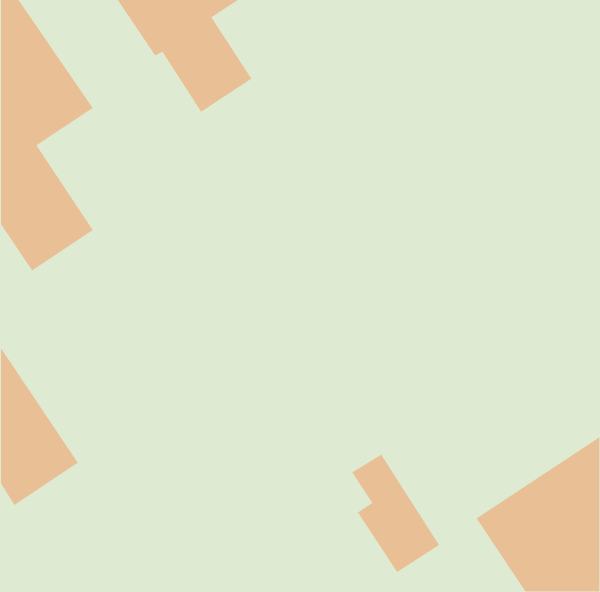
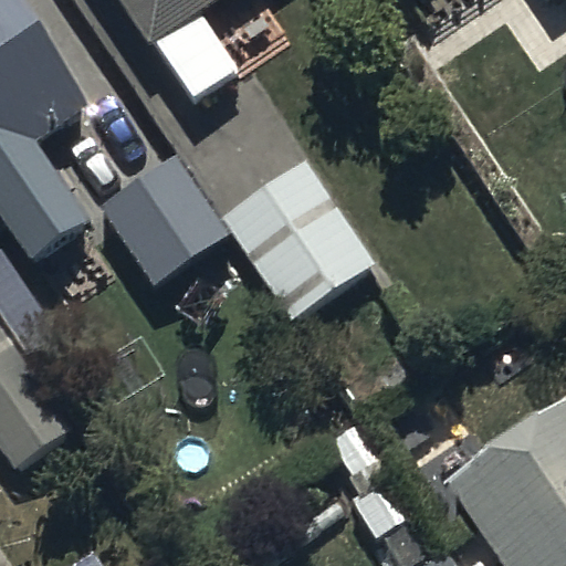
building: none -> [104,155,375,318]

